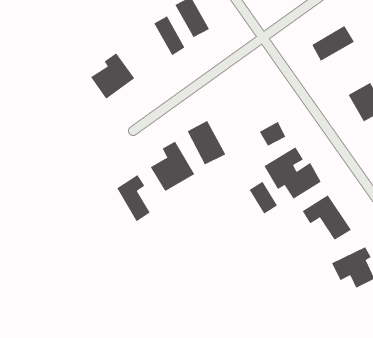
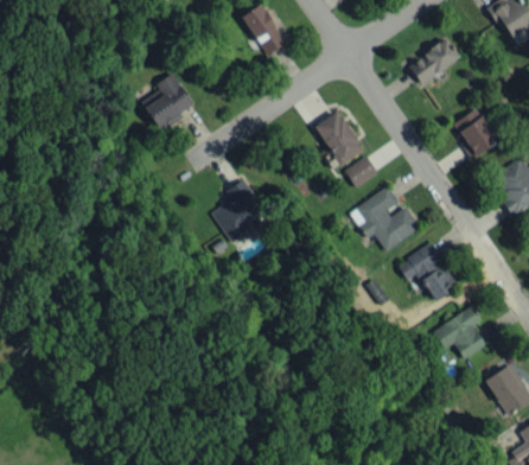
building: [154,16,185,56] -> none
building: [187,120,226,165] -> [317,110,364,165]
building: [116,174,151,222] -> none
building: [249,181,278,214] -> none

